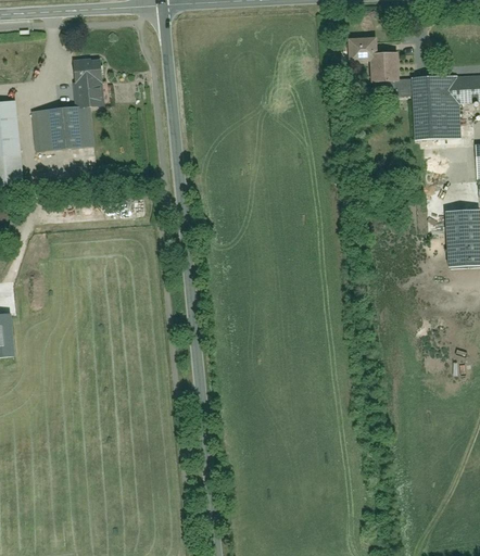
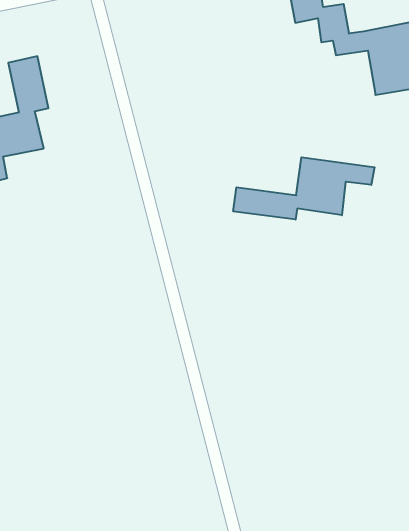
building: none -> [233,157,375,220]

